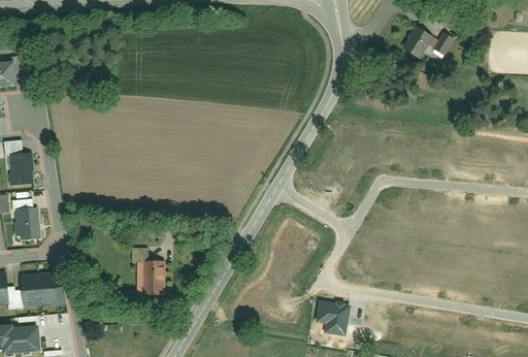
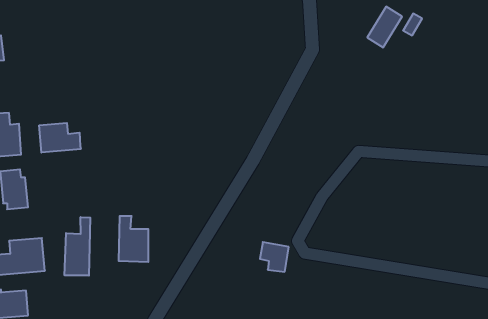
building: none -> [39,123,81,153]
building: none -> [65,217,90,276]
building: [317,303,346,334] -> [260,242,289,272]

